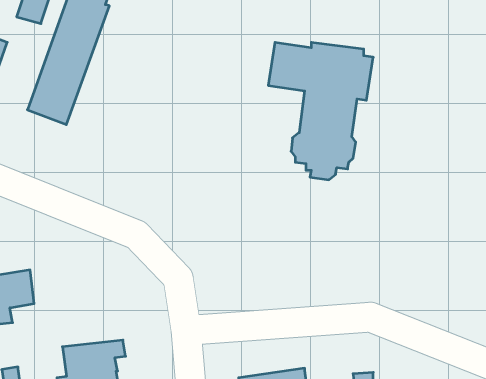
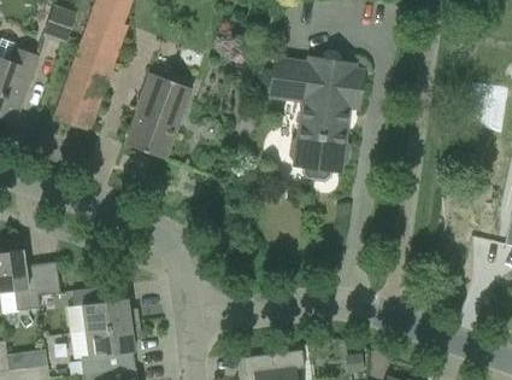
building: none -> [124,74,190,159]
building: none -> [71,287,139,331]

